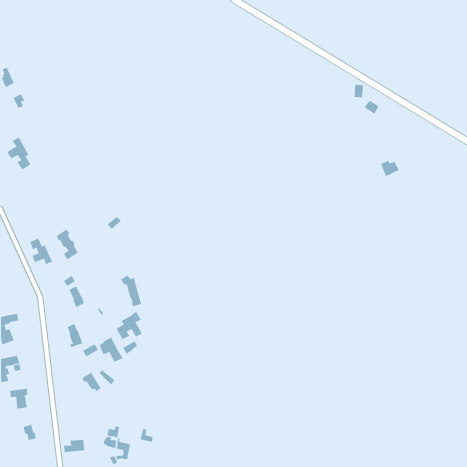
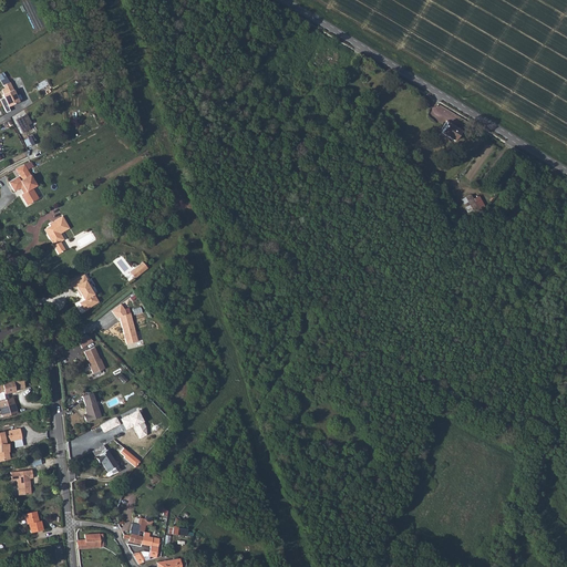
building: none -> [45,216,70,255]
building: [30,238,53,265] -> none
building: [120,275,142,307] -> [111,303,137,342]
building: [116,311,143,340] -> none

